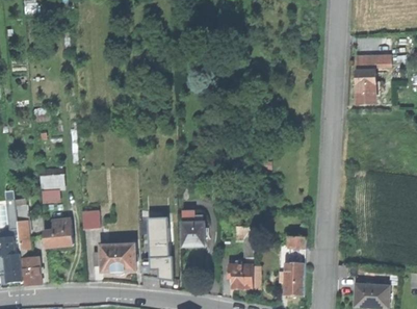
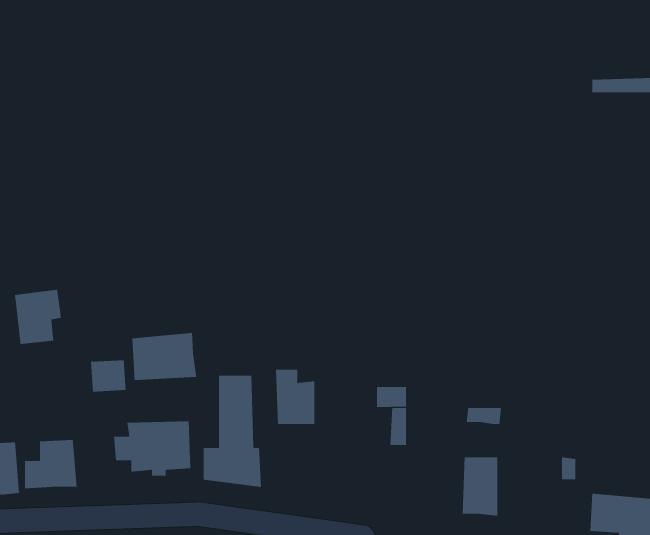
building: [356,71,374,104] -> none
building: none -> [132,332,197,381]
building: [44,218,73,246] -> [24,439,77,489]
building: [229,260,254,288] -> none

